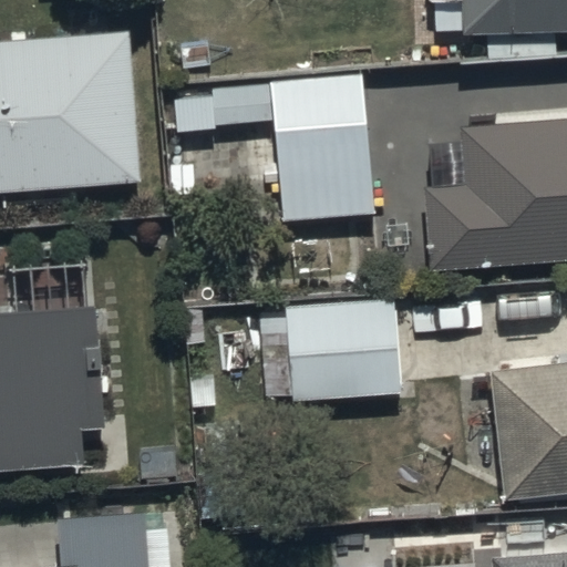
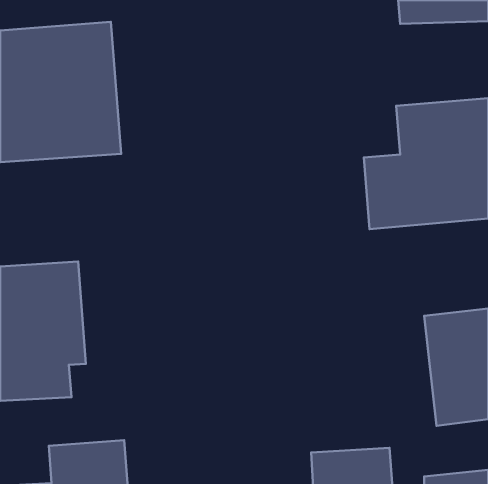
building: [174,74,374,220] -> none
building: [286,298,400,401] -> none

